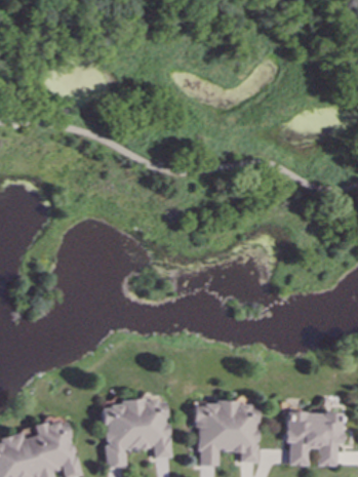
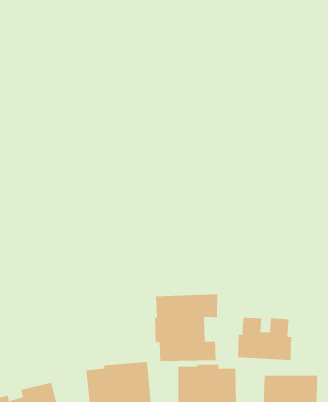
building: none -> [154,293,218,362]
building: none -> [237,317,292,361]

